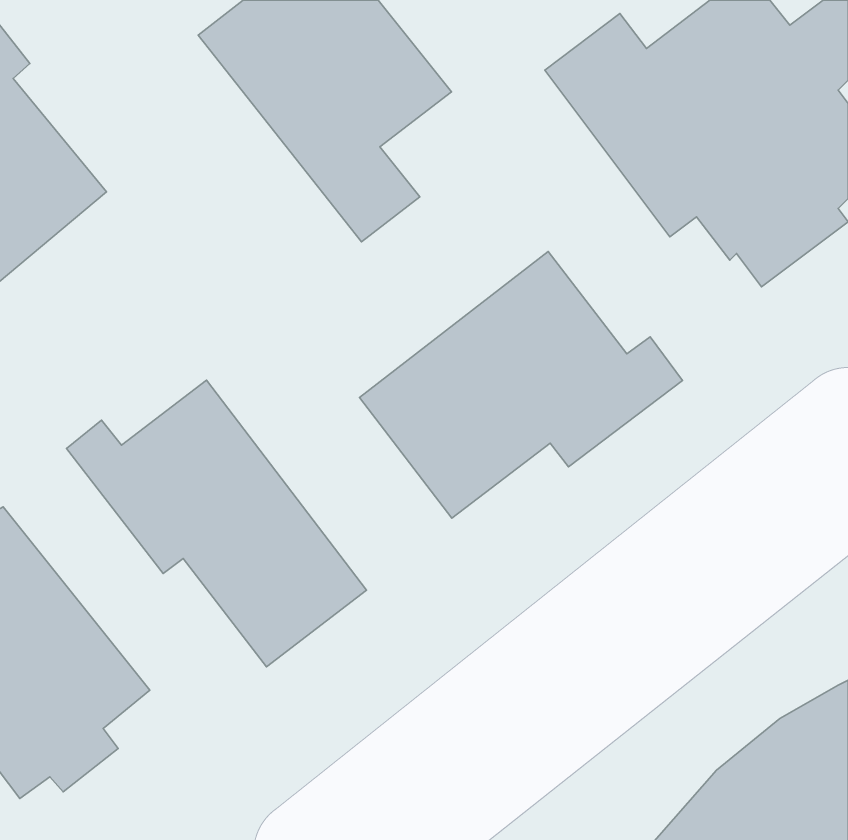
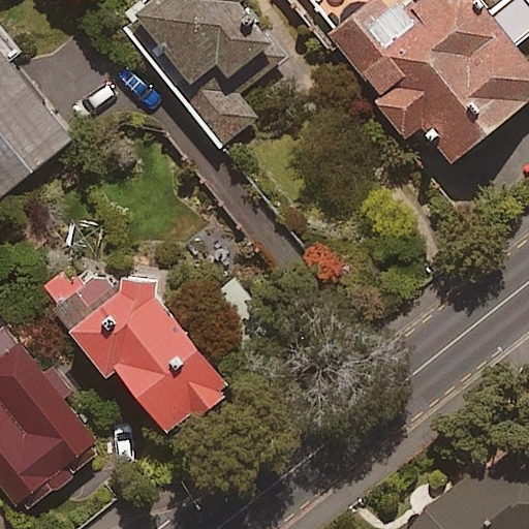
building: [360,252,682,518] -> none

